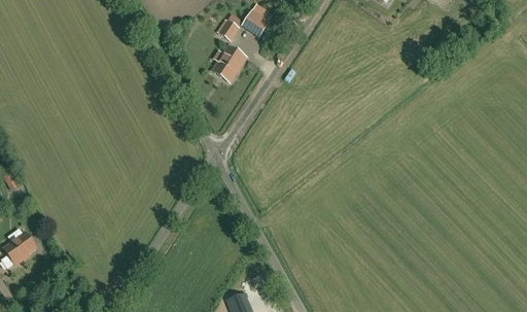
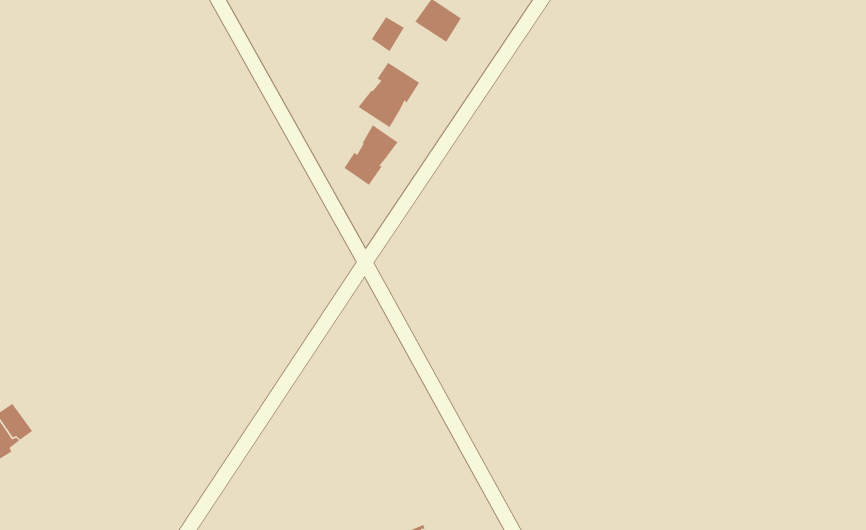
building: none -> [343,124,398,186]

